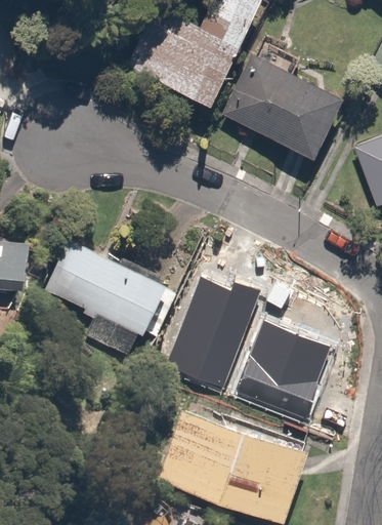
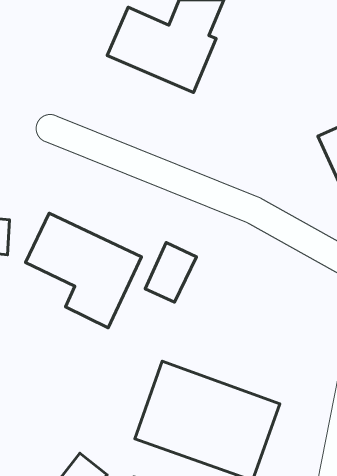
building: [226,57,344,164] -> none
building: [197,292,327,419] -> none

